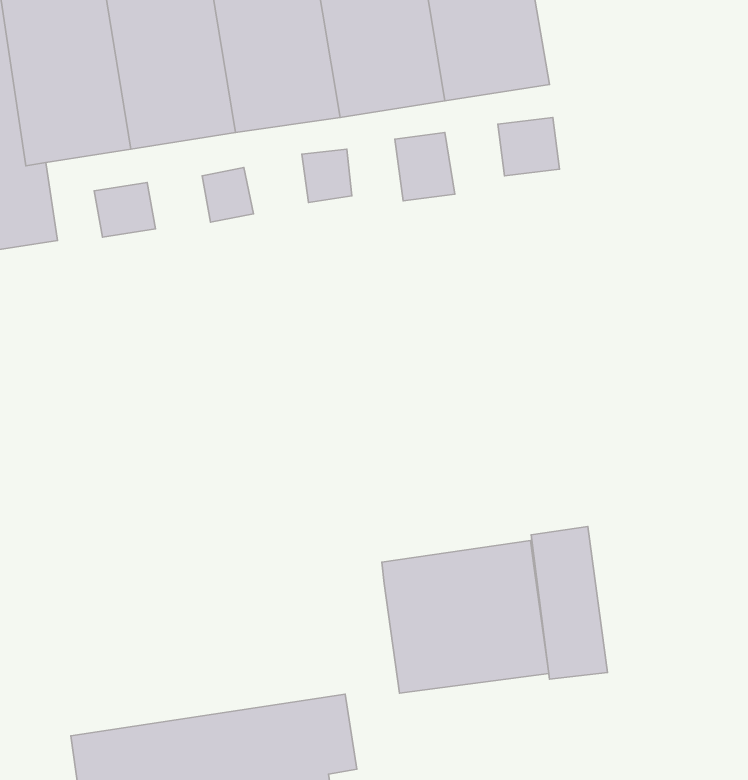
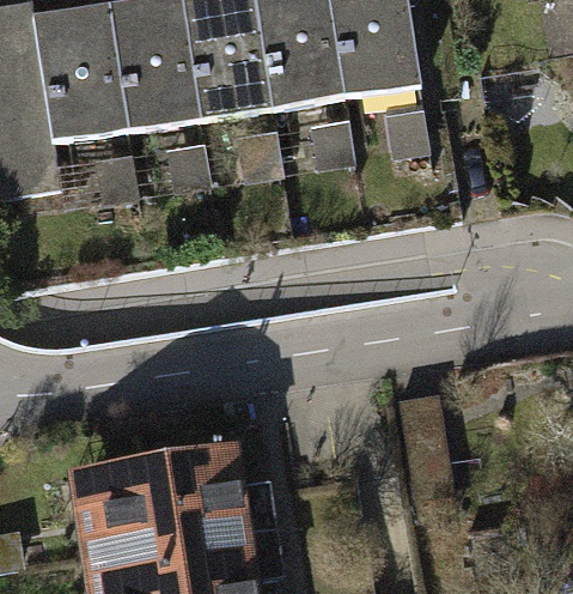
building: [382,541,549,693] -> none
building: none -> [66,444,275,553]

